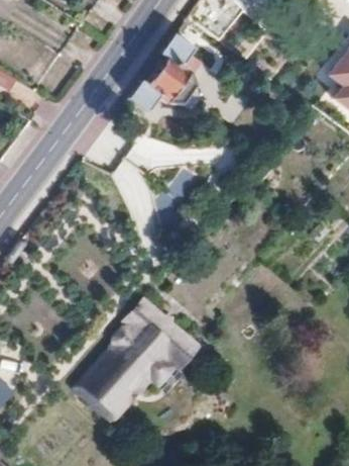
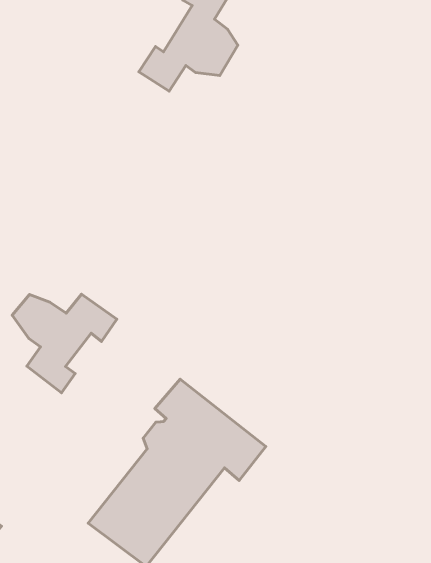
building: none -> [12,294,117,393]

